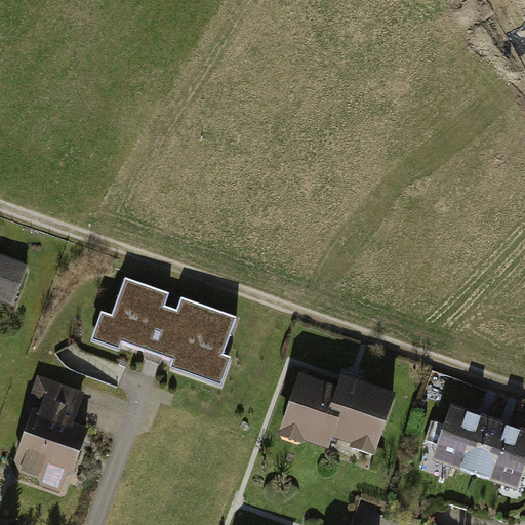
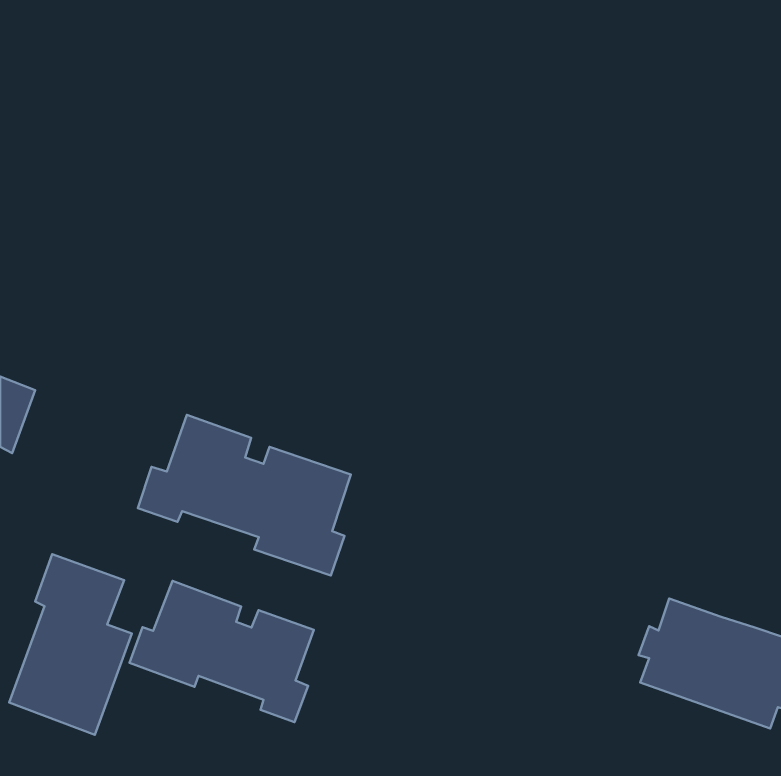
building: [277,370,395,454] -> none
building: none -> [130,581,314,722]

